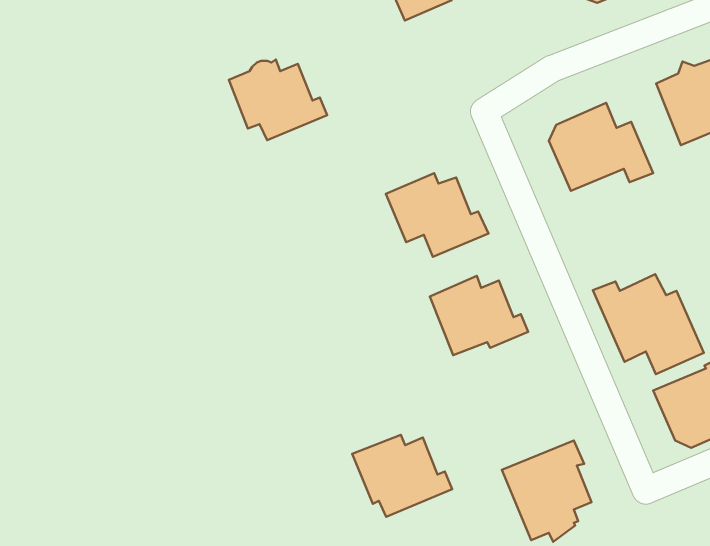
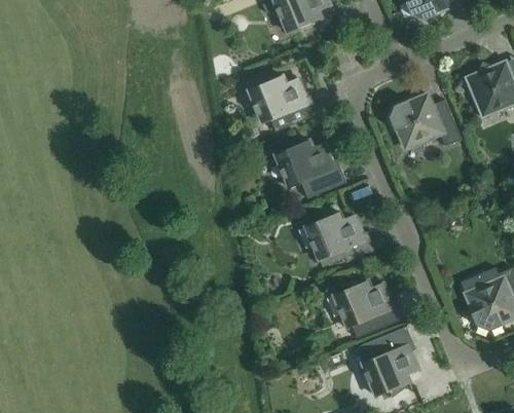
building: [229,59,327,140] -> [248,74,317,130]
building: [593,274,704,374] -> none
building: [352,435,452,517] -> [332,279,402,337]

